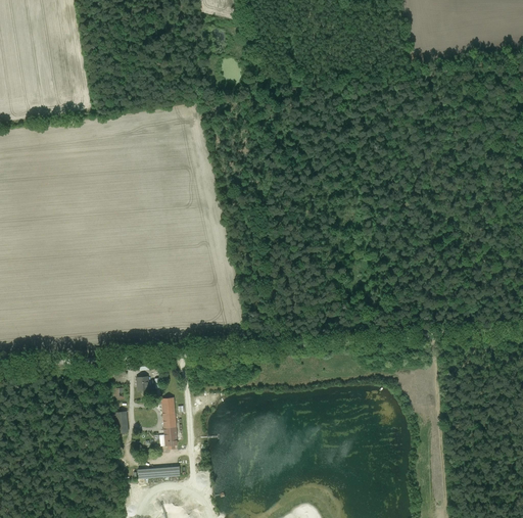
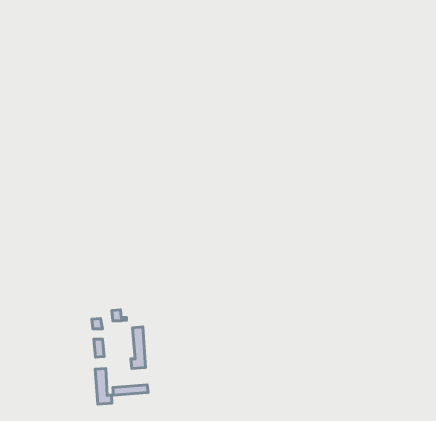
building: none -> [95,368,112,404]

